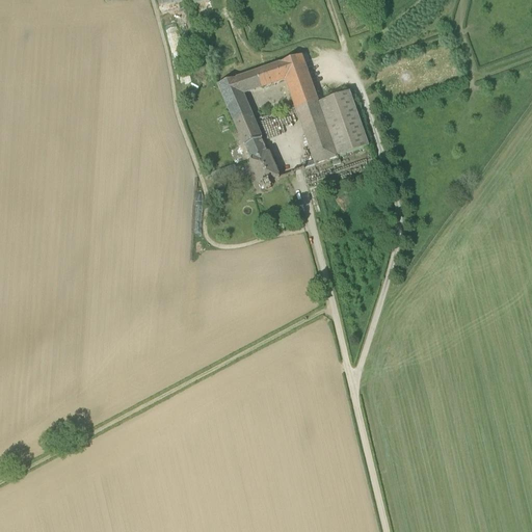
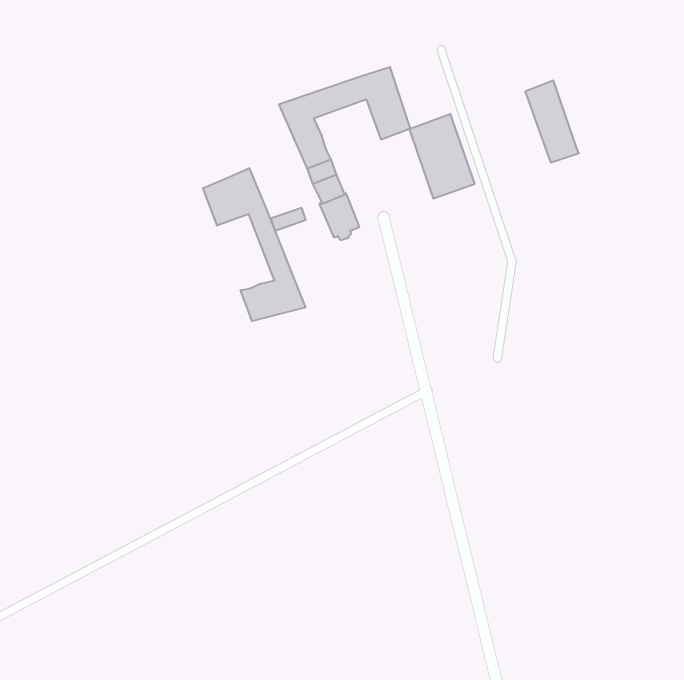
building: [295,100,337,163] -> [525,81,579,162]
building: none -> [203,168,306,321]

